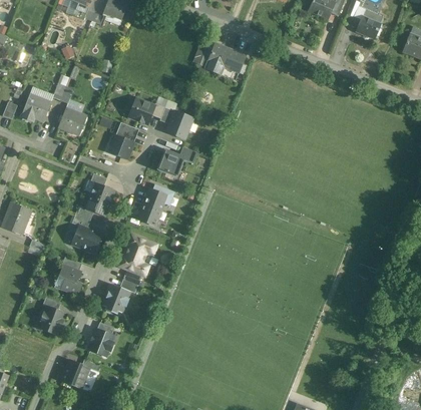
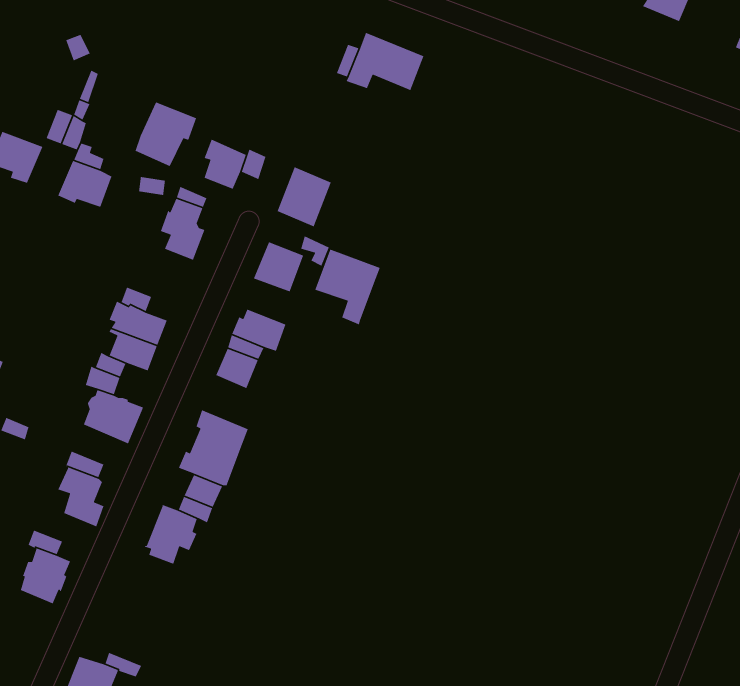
building: none -> [134,100,197,167]
building: none -> [314,249,381,325]
building: [88,322,116,356] -> none

